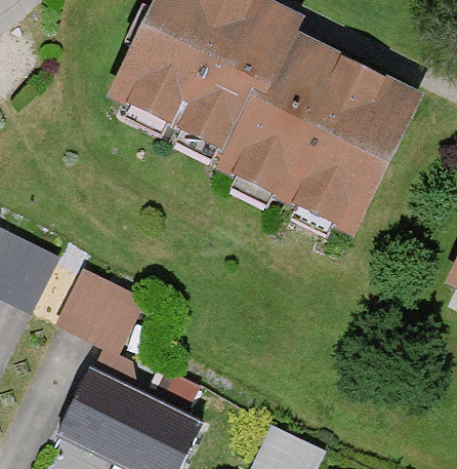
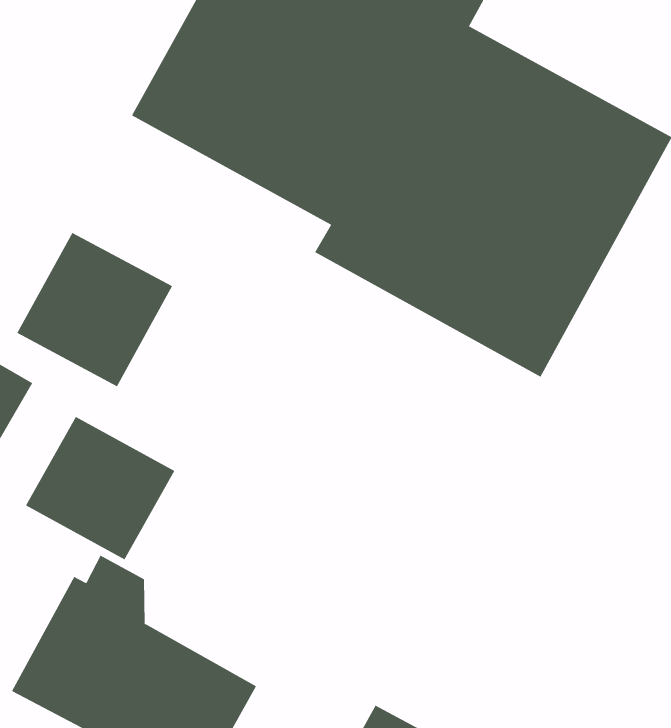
building: none -> [16,232,173,387]

